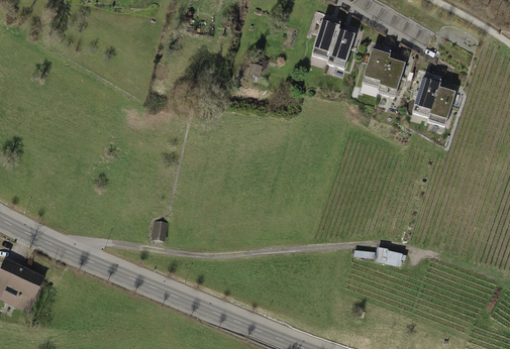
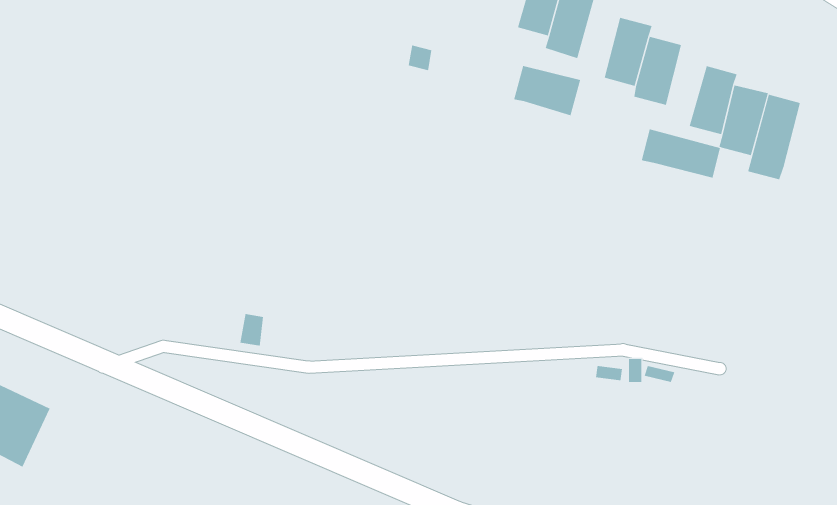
building: none -> [514,65,581,116]
building: none -> [748,94,800,180]
building: none -> [641,129,720,178]

